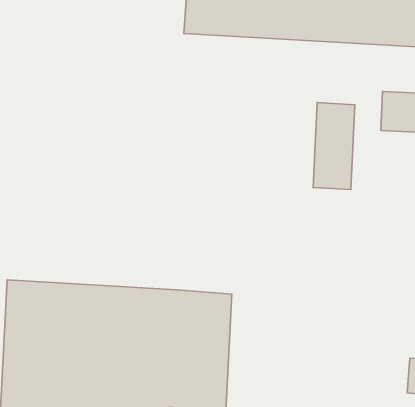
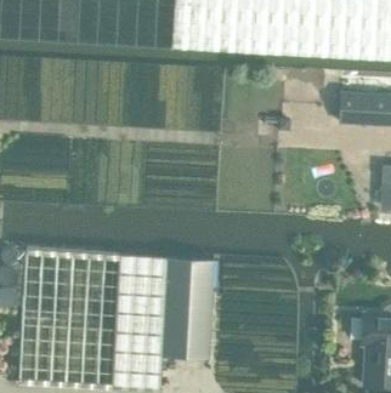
building: [313,103,355,190] -> none

